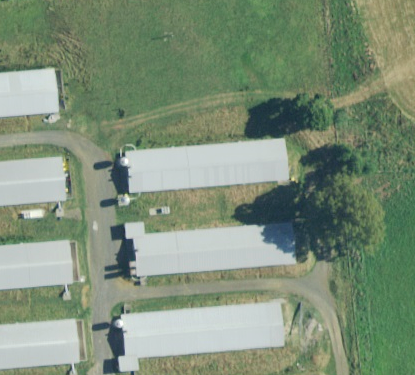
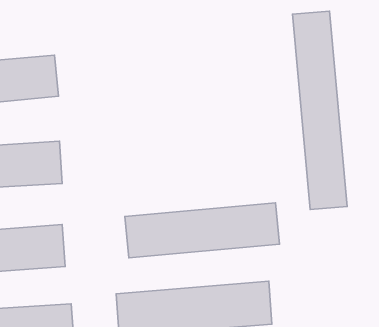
building: none -> [292,11,347,210]
building: [120,137,279,194] -> none

